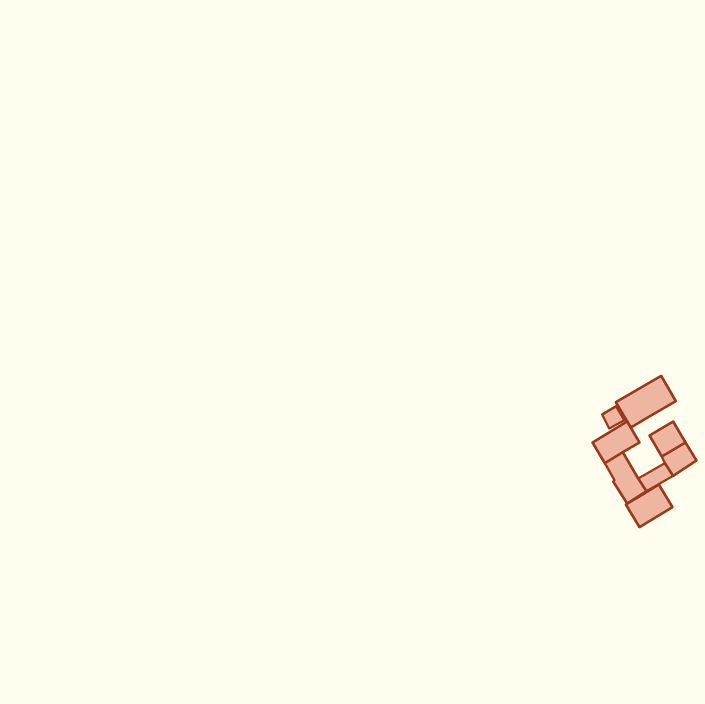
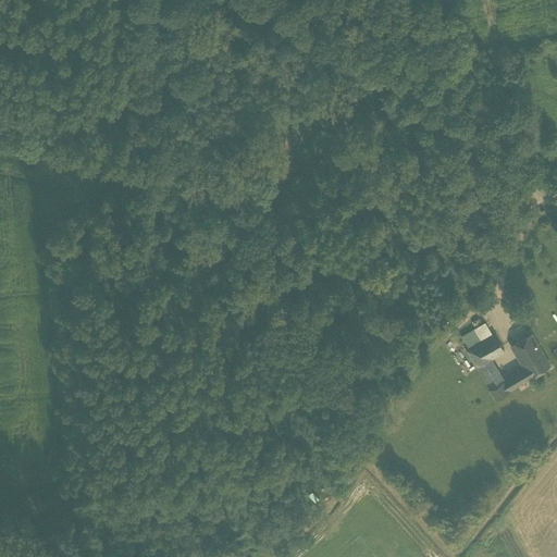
building: [616,376,676,428] -> none
building: [626,484,673,527] -> none

